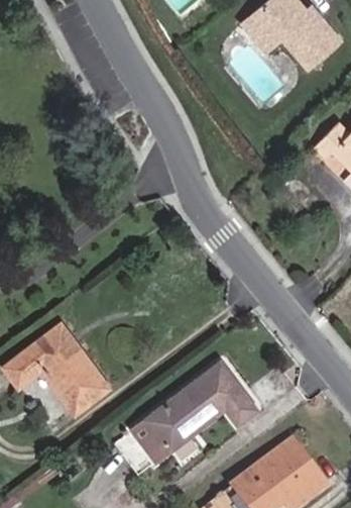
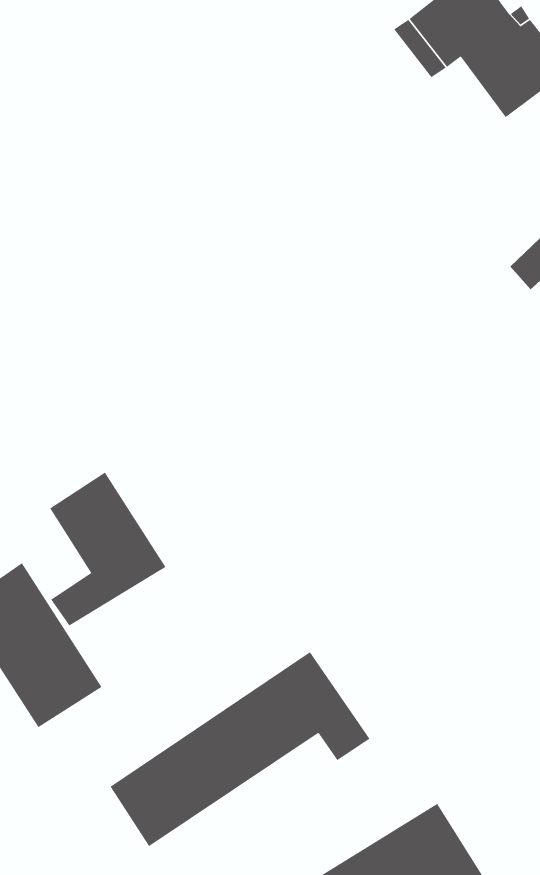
building: none -> [49,472,167,626]

